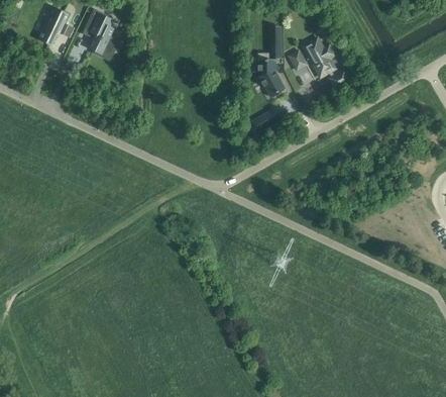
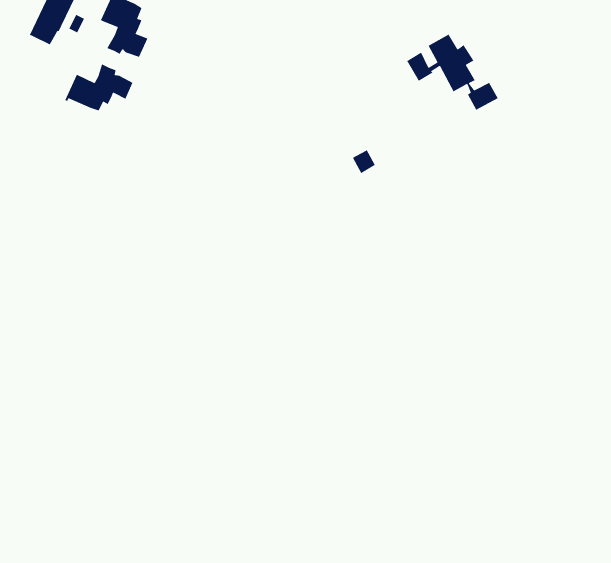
building: [259,26,285,95] -> none
building: none -> [64,63,133,112]

